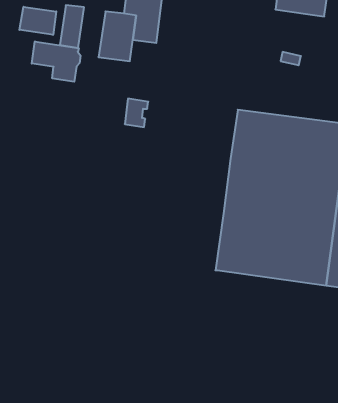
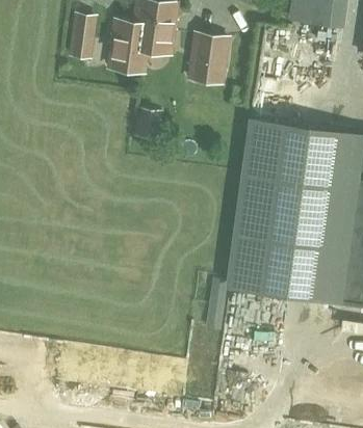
building: [19,7,56,35] -> none
building: none -> [190,34,227,84]
building: [32,41,81,82] -> none

